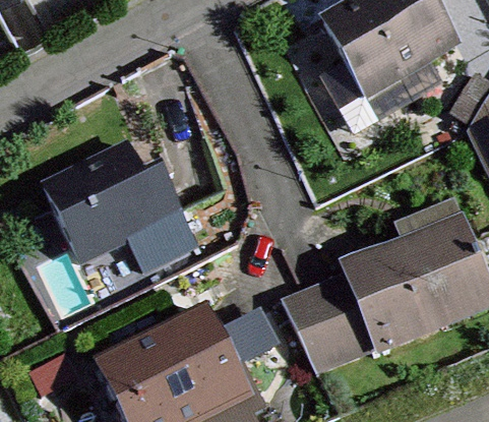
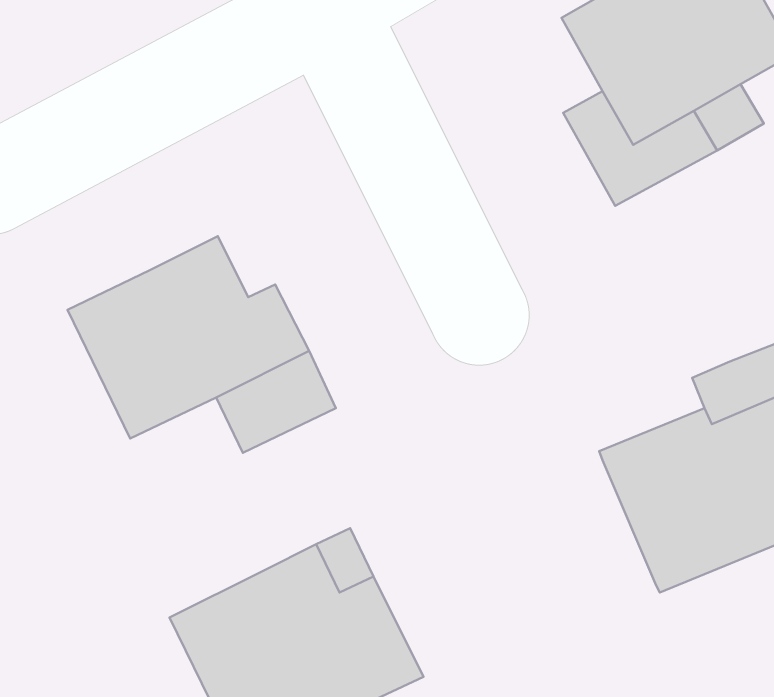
building: [285,273,380,371] -> none

